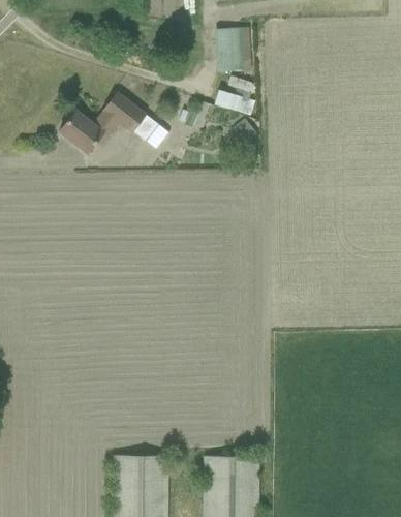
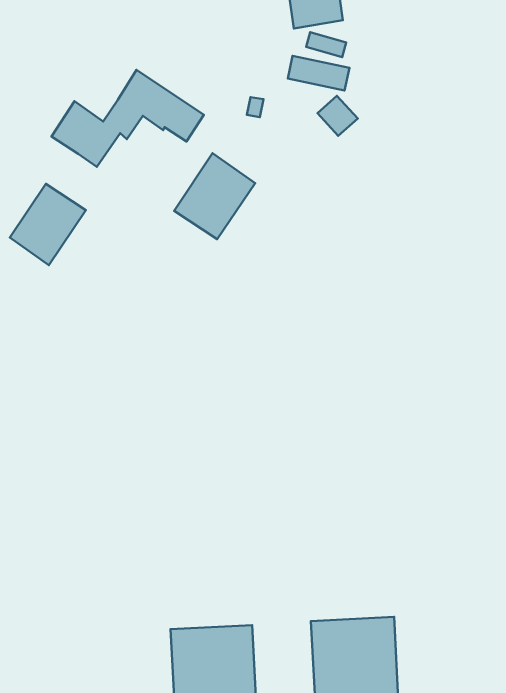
building: none -> [174,153,255,239]
building: none -> [10,184,86,265]

